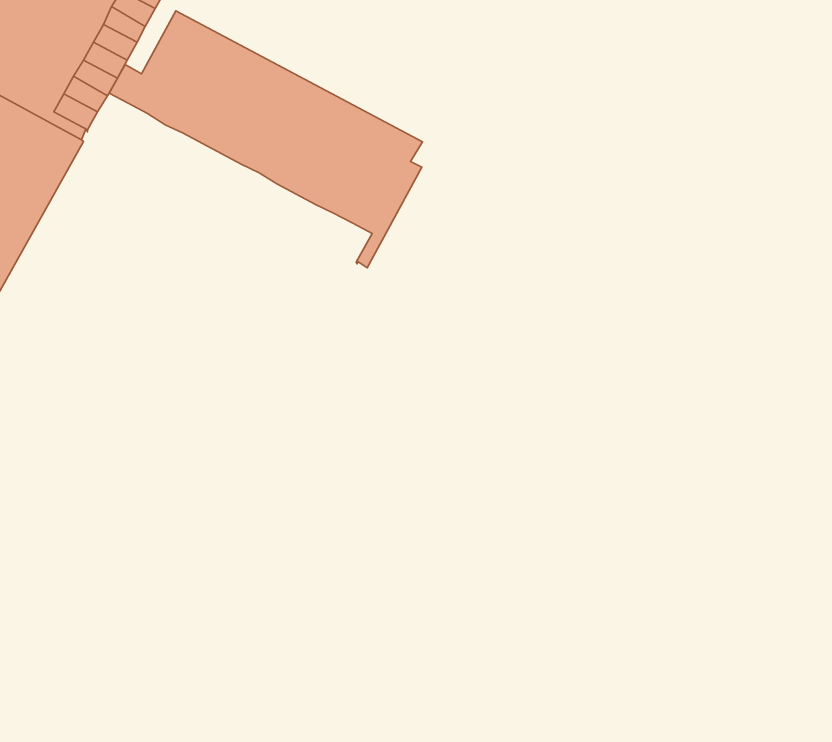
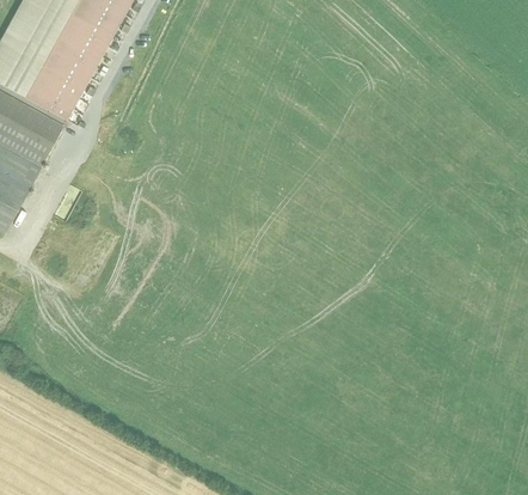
building: [109,11,422,268] -> none

